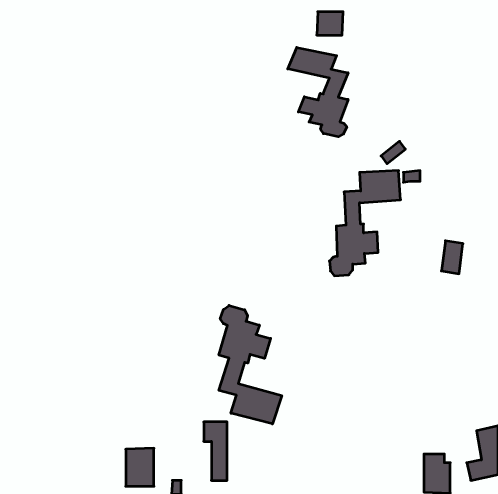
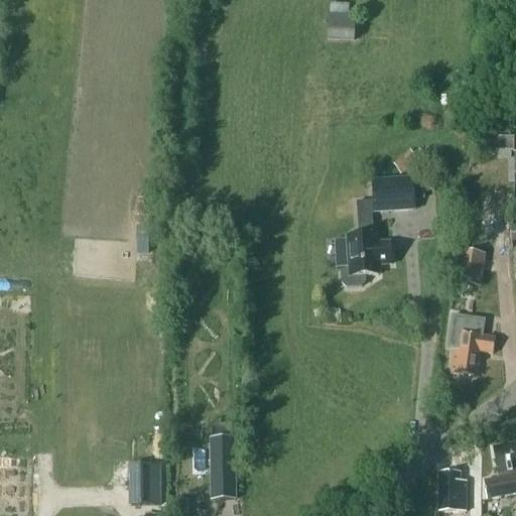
building: [288,47,348,137] -> none
building: [219,305,282,424] -> none
building: none -> [448,317,495,374]

